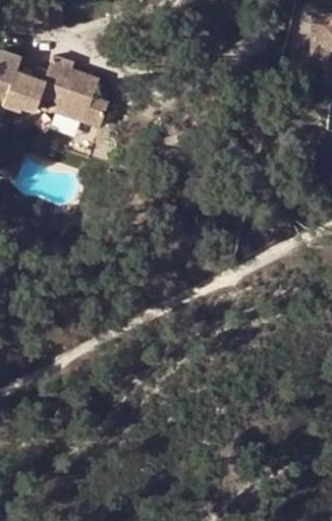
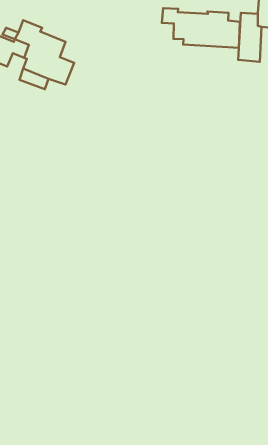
building: none -> [162,8,240,48]

